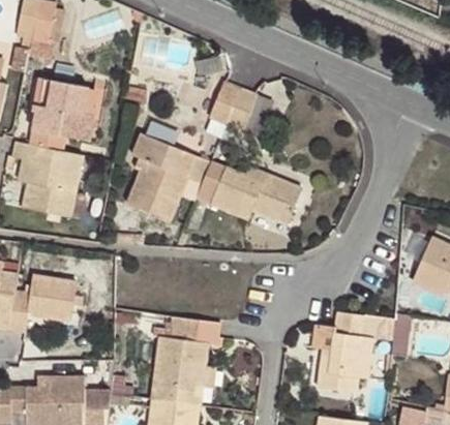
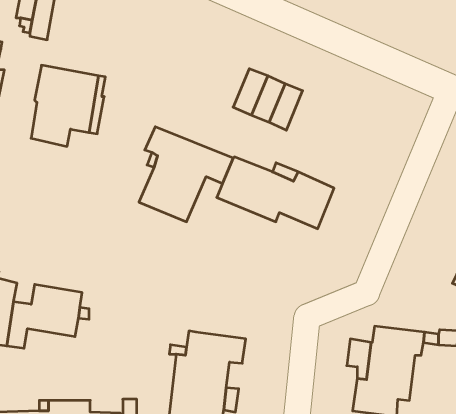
building: [11,142,81,217] -> none

